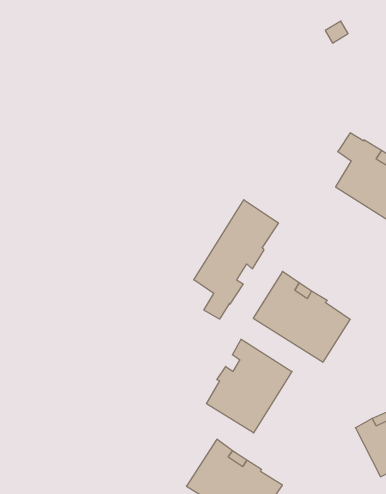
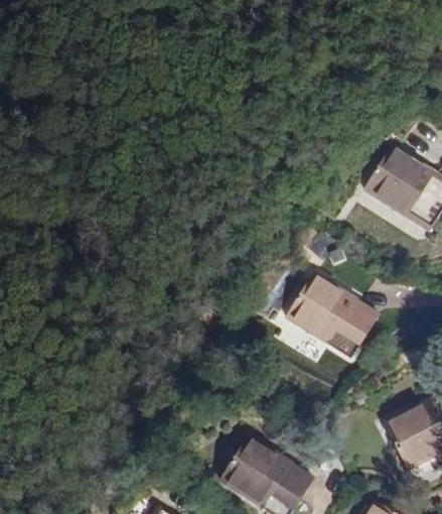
building: [194,200,279,319] -> none
building: [207,339,292,433] -> none

